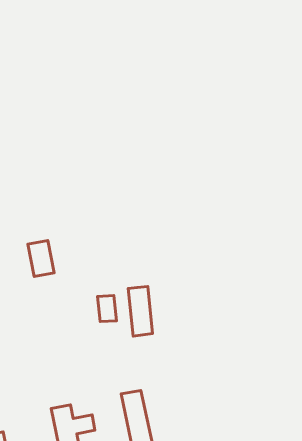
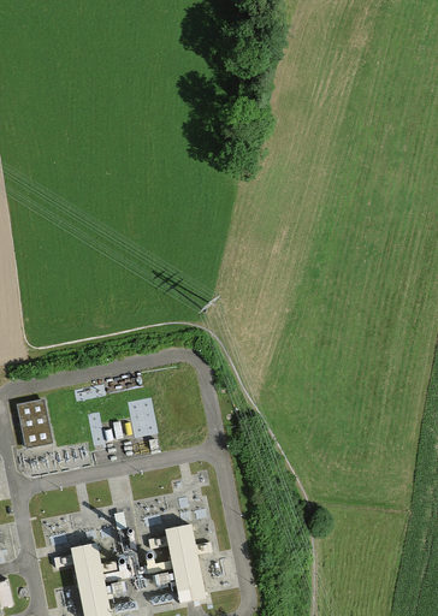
building: [28,240,54,277] -> [17,401,52,449]
building: [128,287,153,336] -> none

